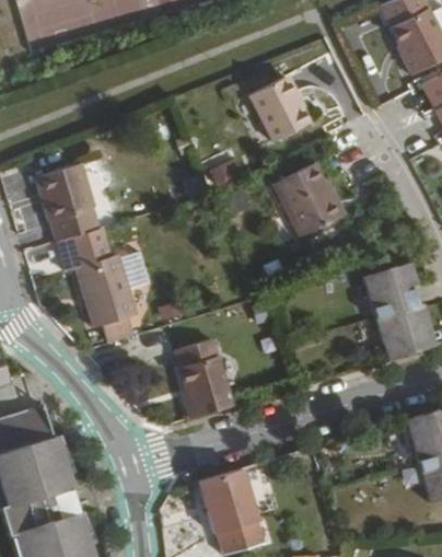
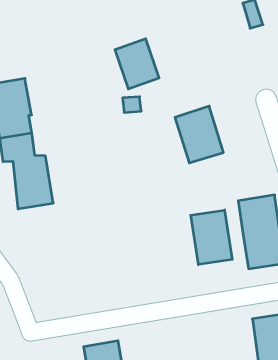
building: [252,78,311,142] -> [115,39,159,89]
building: none -> [191,210,232,265]
building: [176,339,232,418] -> none

